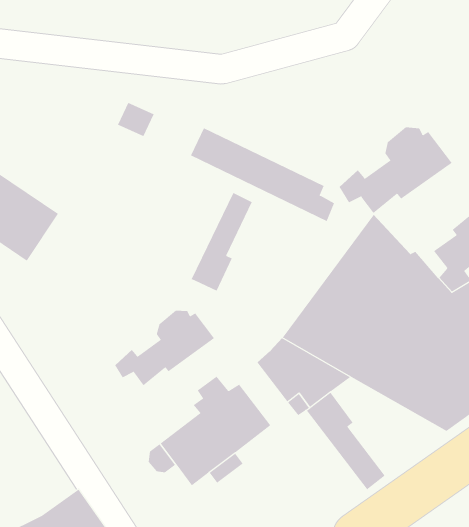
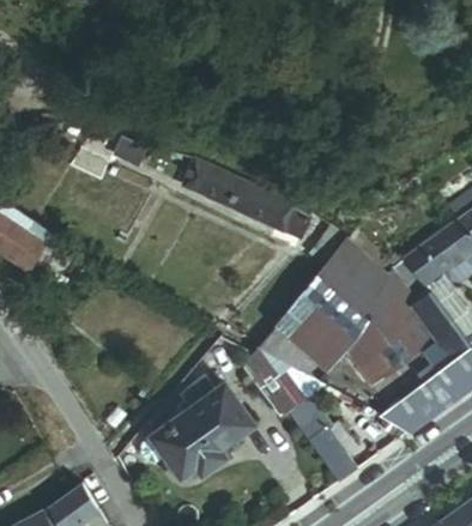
building: [339,127,452,214] -> none
building: [191,192,253,292] -> none
building: [114,310,215,386] -> none

